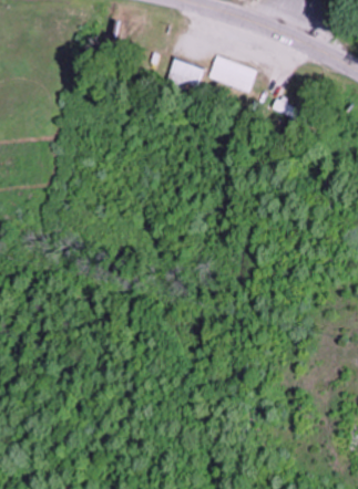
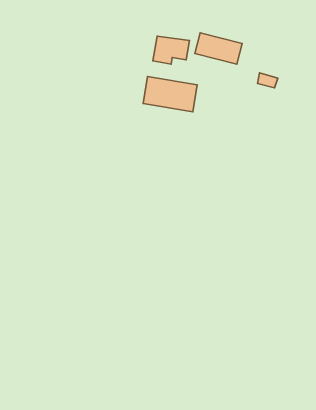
building: none -> [143,77,197,112]

